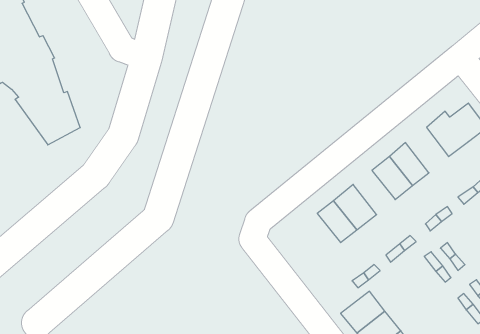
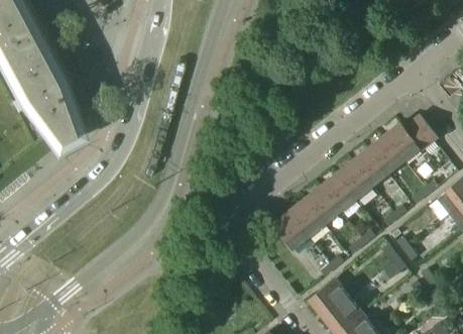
building: none -> [366,136,403,176]
building: none -> [321,174,357,212]
building: none -> [272,211,310,249]

